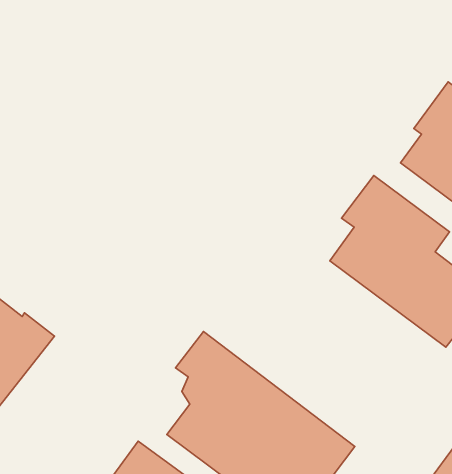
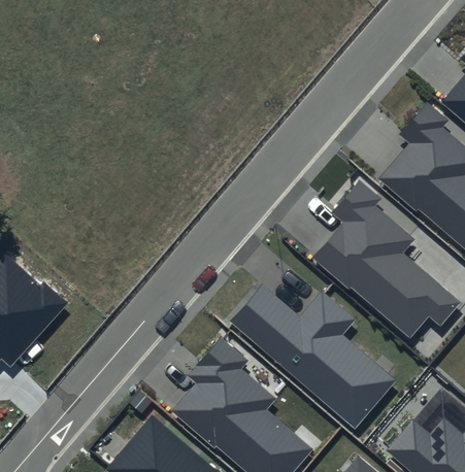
building: none -> [219,269,377,414]

